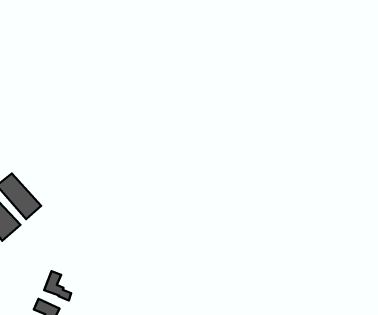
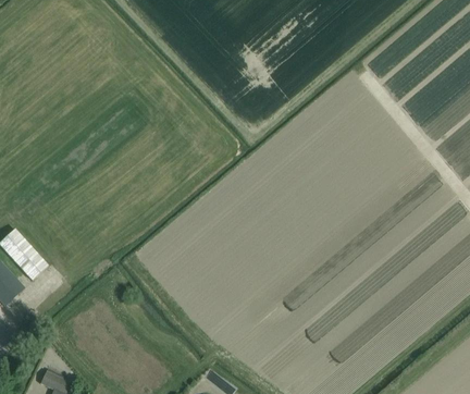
building: [44,271,71,300] -> none

